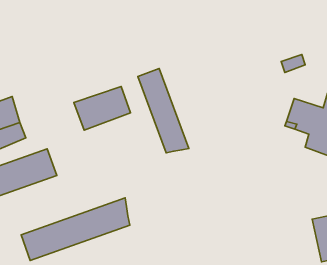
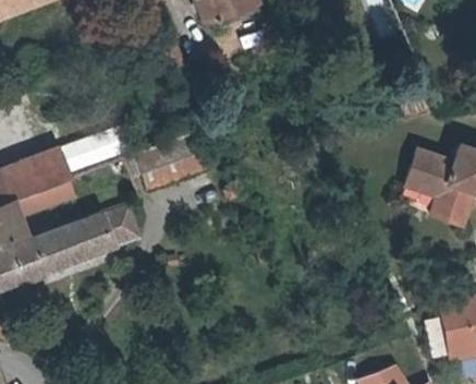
building: [138,69,189,153] -> none
building: none -> [103,205,139,248]
building: [21,198,130,260] -> none

